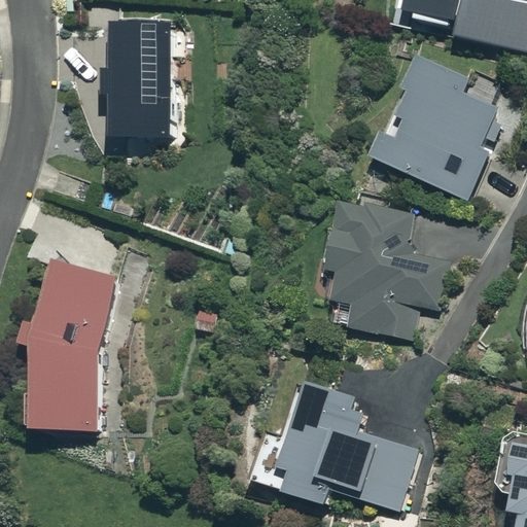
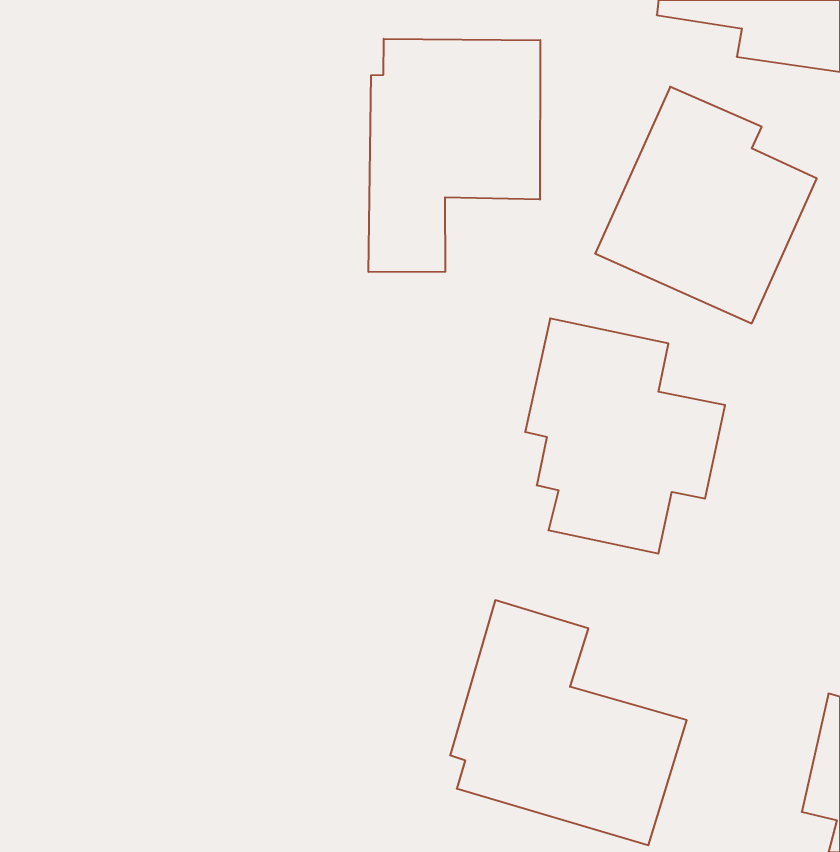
building: none -> [369,39,540,272]
building: [99,28,167,141] -> none
building: [32,257,115,431] -> none

